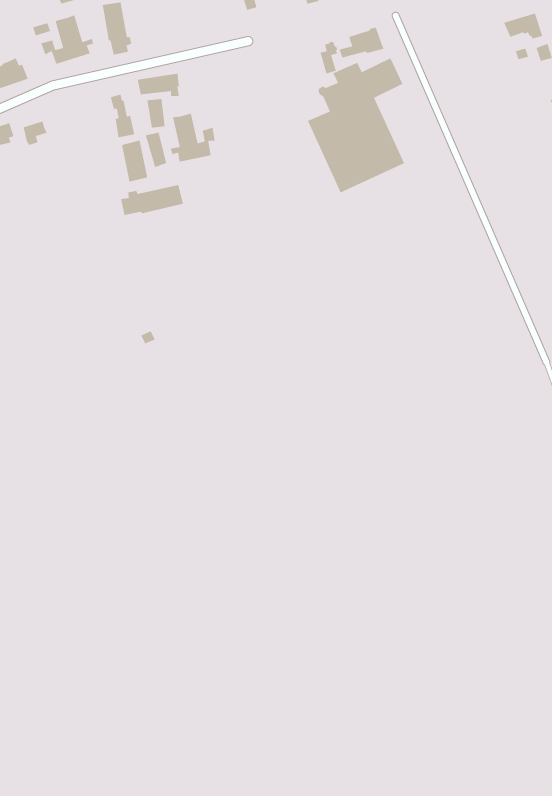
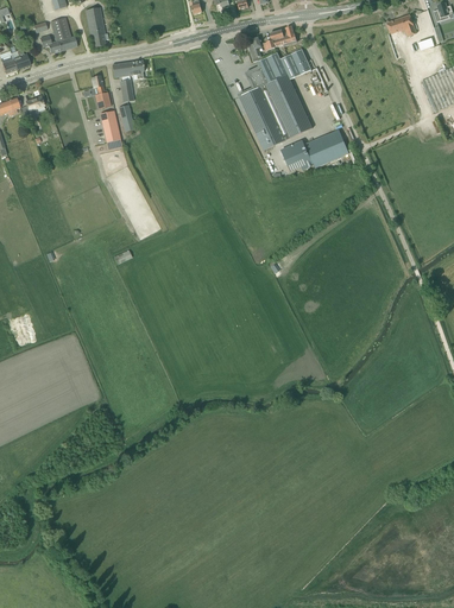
building: [170,113,216,163] -> none
building: none -> [282,128,348,170]
building: [120,184,184,216] -> none

